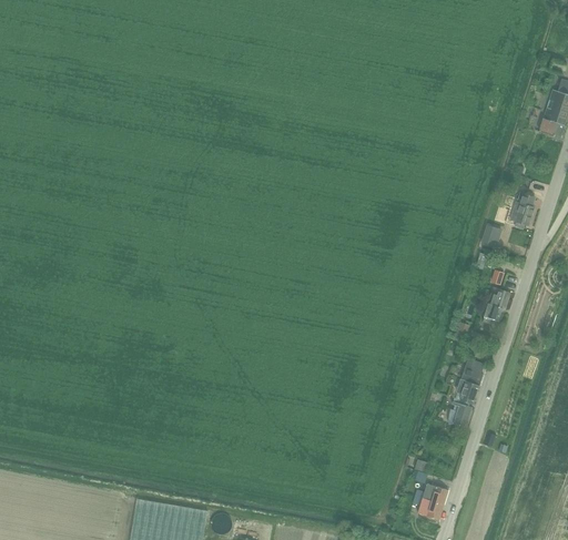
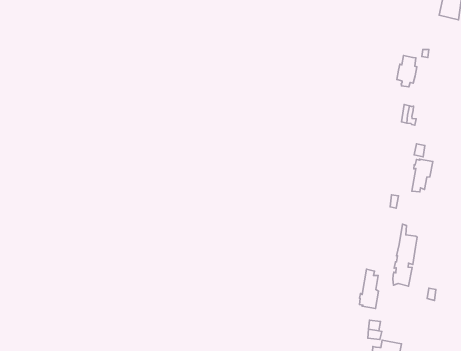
building: [510,193,535,228] -> [397,56,417,87]
building: none -> [359,269,378,309]

